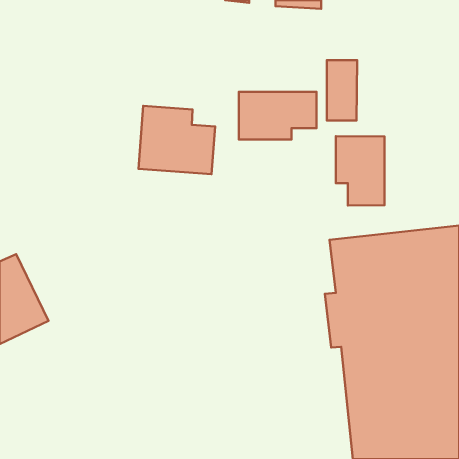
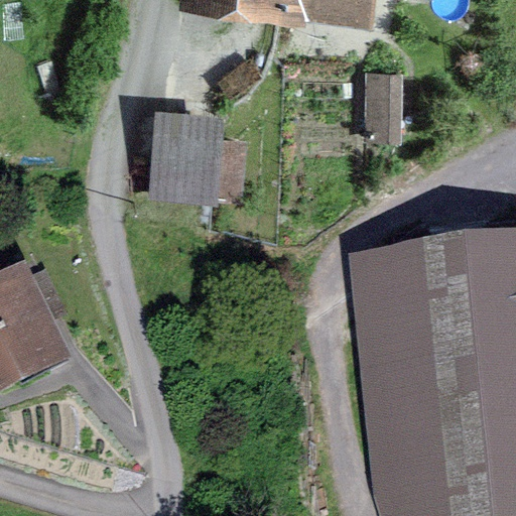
building: [239,92,316,140] -> none
building: [336,136,385,205] -> none

